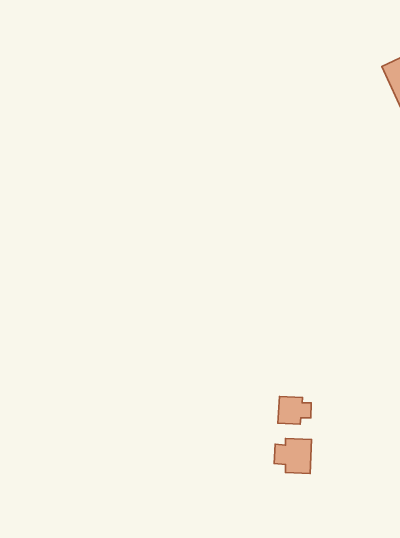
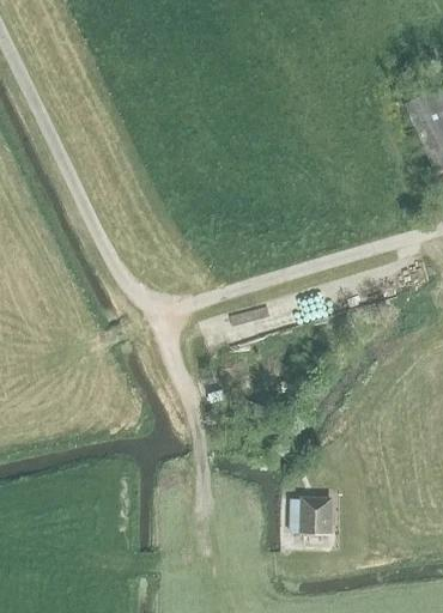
building: [278,396,311,424] -> none

